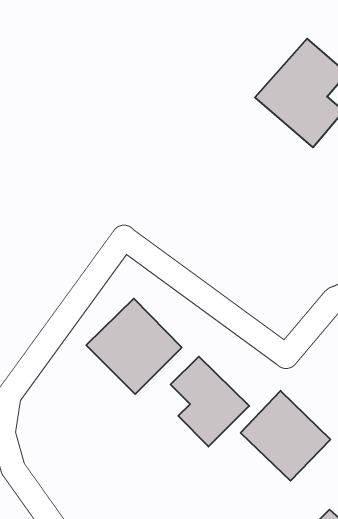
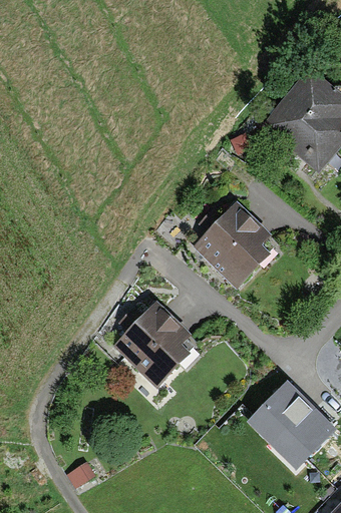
building: none -> [194,201,273,288]
building: [171,357,249,447] -> none

